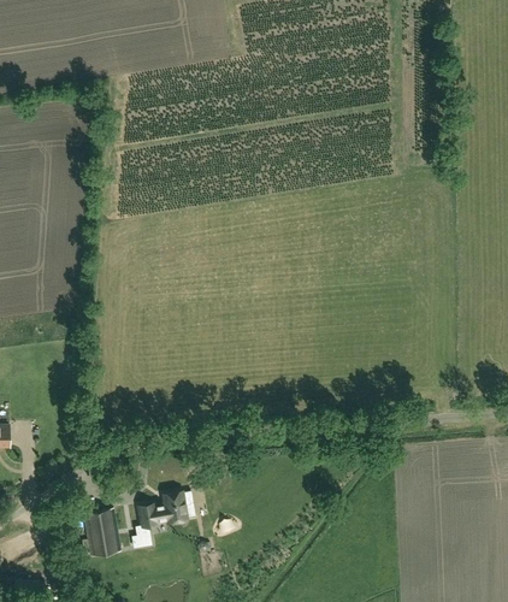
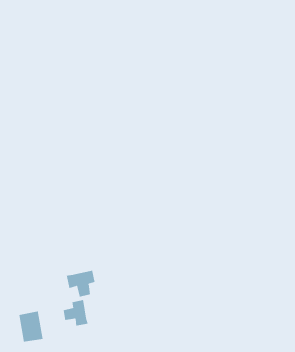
building: none -> [66,270,95,297]

